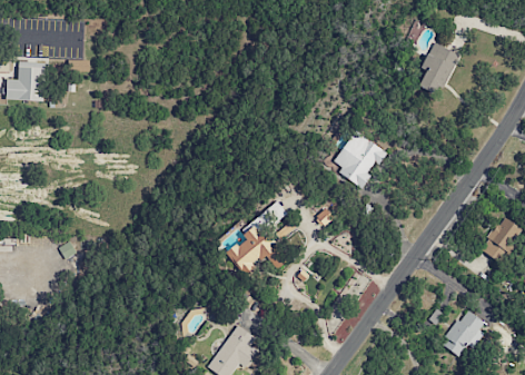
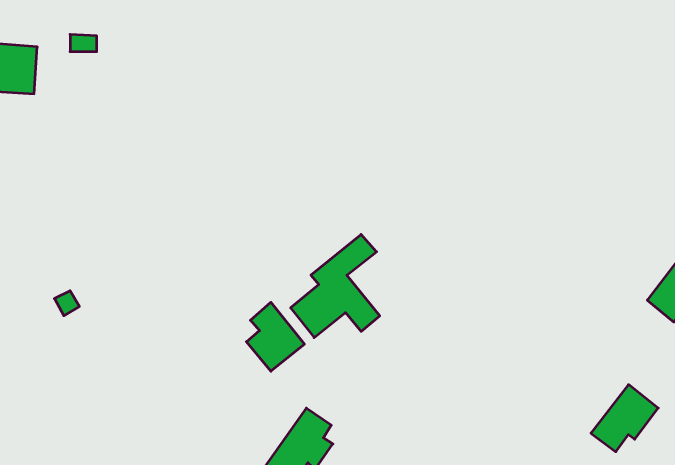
building: [419,42,459,95] -> none
building: [331,130,387,186] -> none
building: none -> [246,302,304,371]

